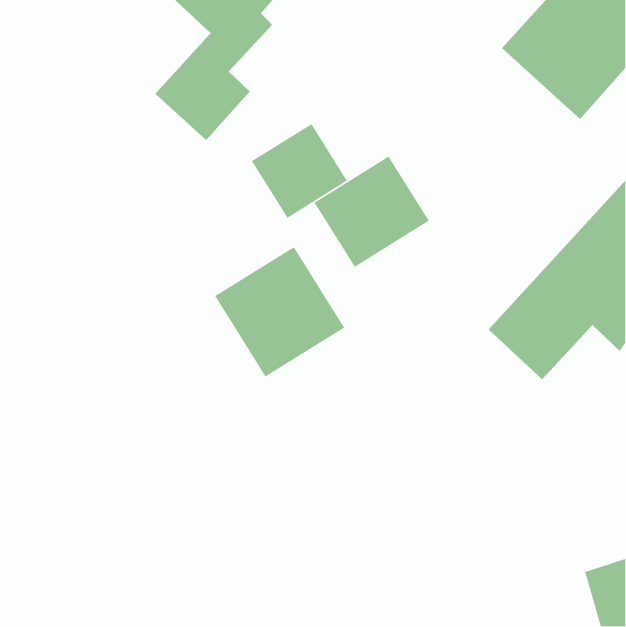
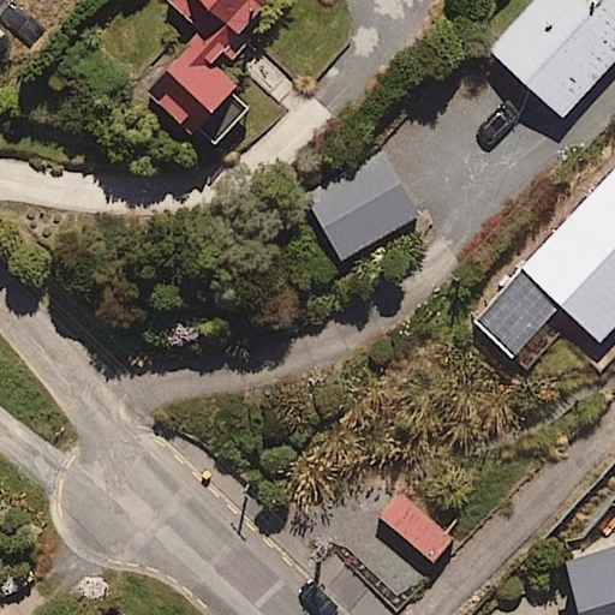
building: [251,123,348,219] -> none
building: [214,246,345,378] -> none

